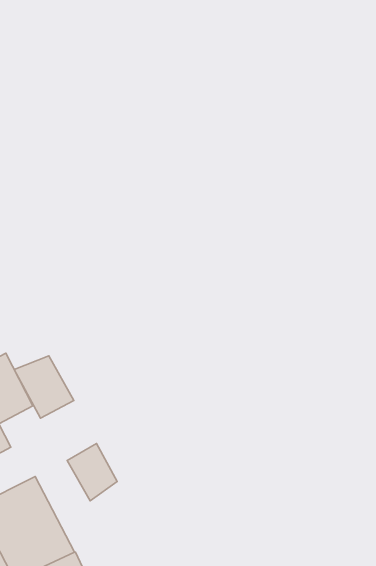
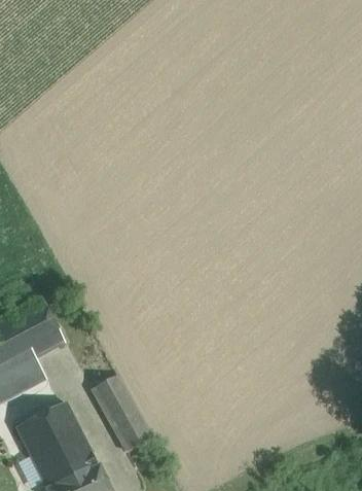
building: [14,356,74,418] -> none
building: none -> [113,408,153,453]

